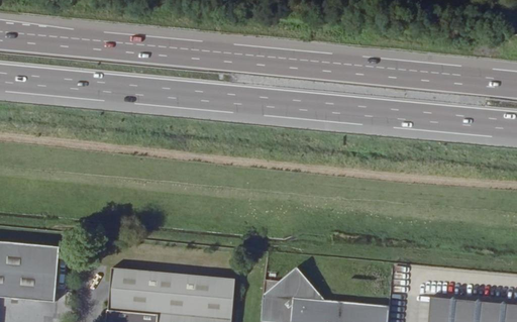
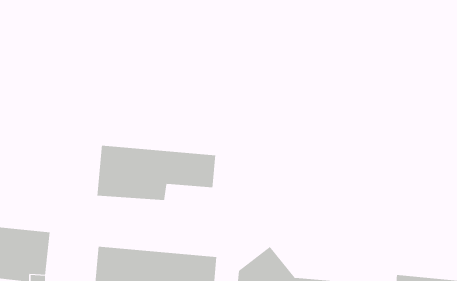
building: none -> [97,145,216,201]

